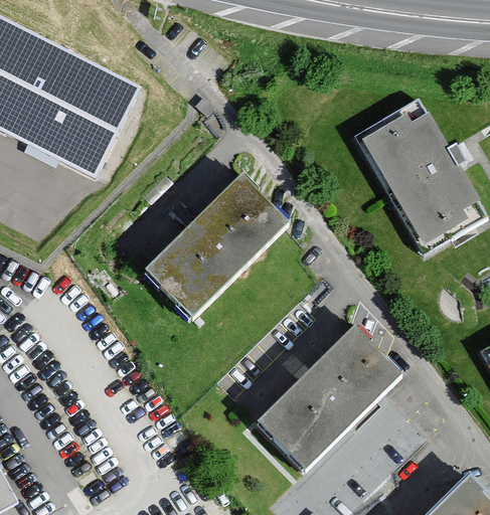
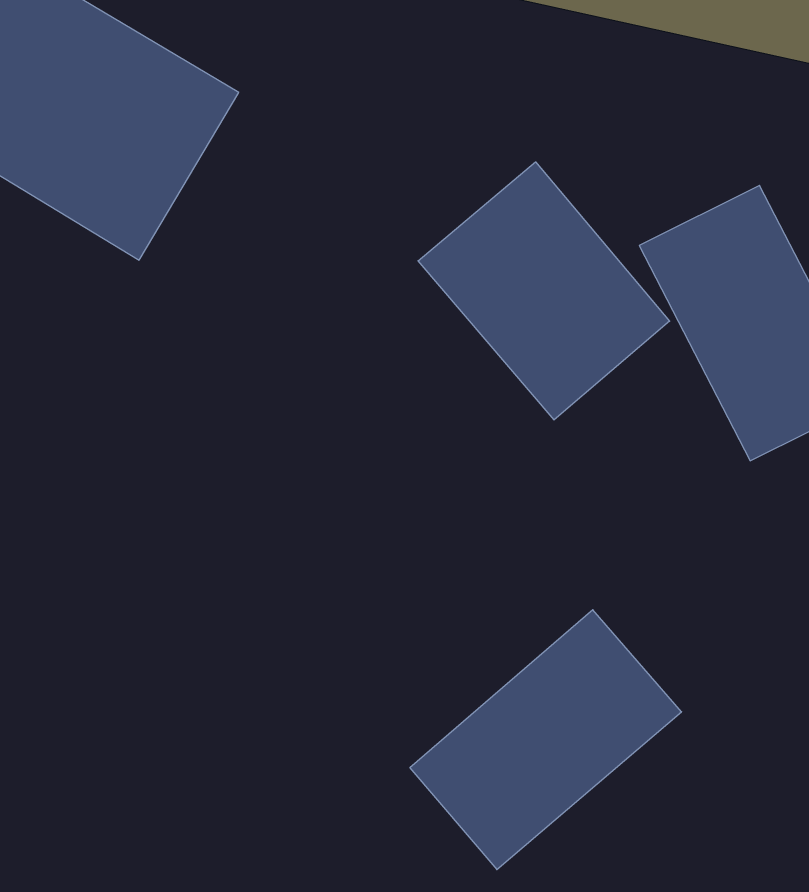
building: none -> [418,162,670,420]
building: [149,180,289,321] -> none

